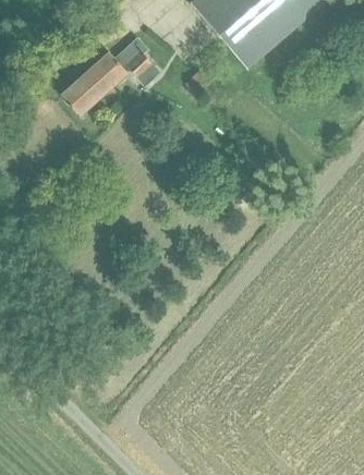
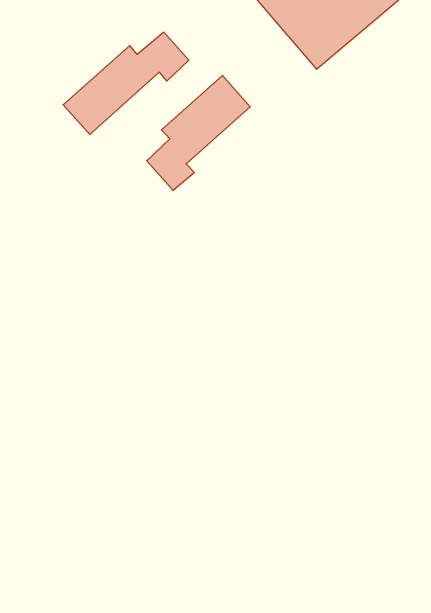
building: none -> [147,75,250,191]

